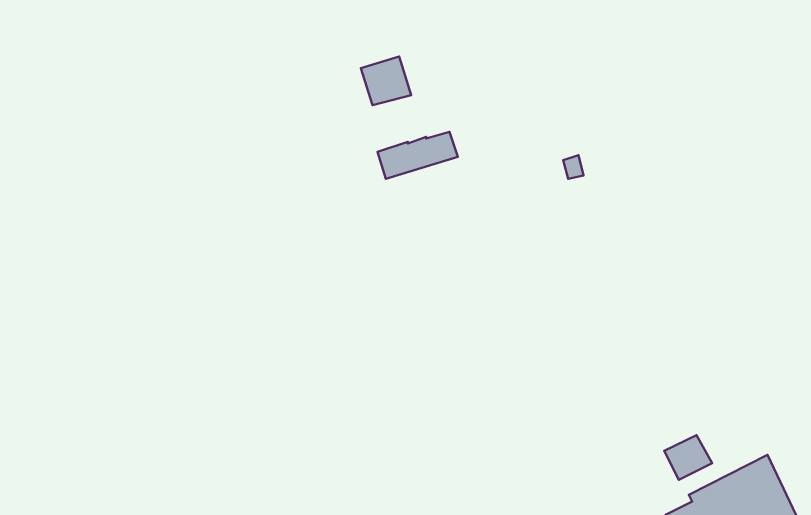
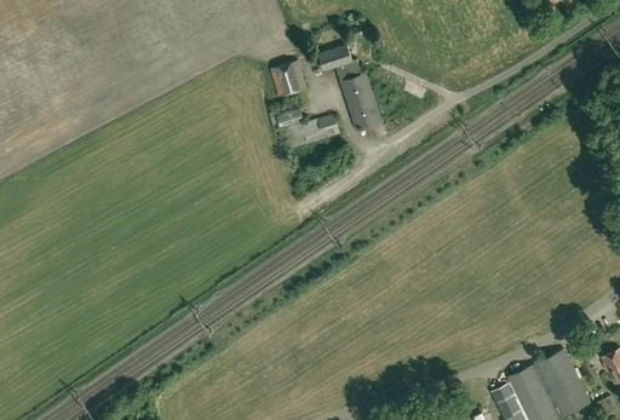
building: none -> [318,45,381,128]
building: [664,435,712,480] -> none

